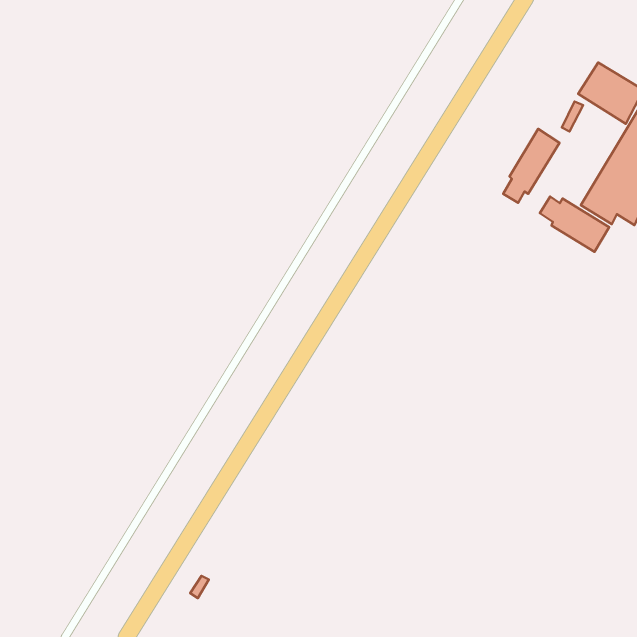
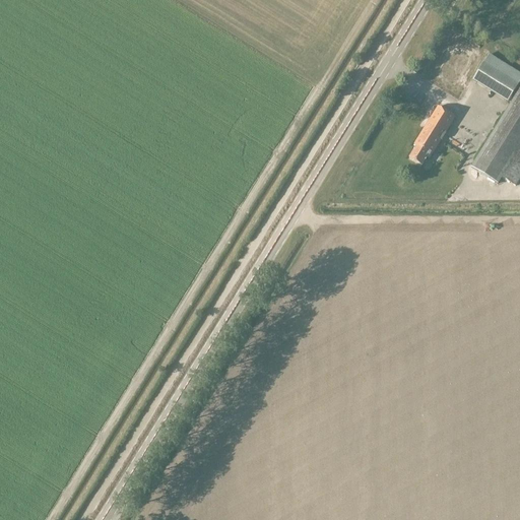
building: [540,196,609,252] -> none

